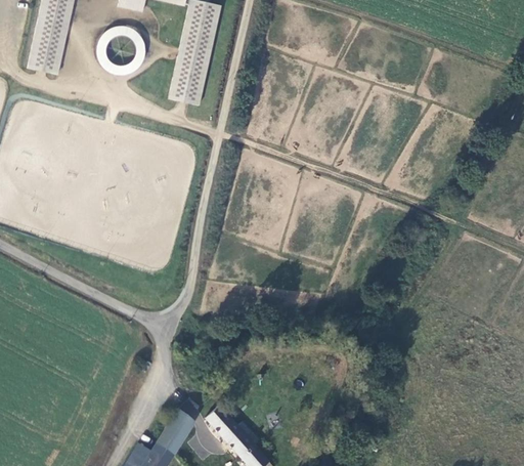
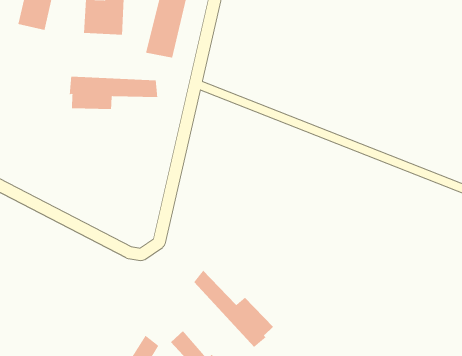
building: none -> [69,76,158,110]
building: none -> [193,270,274,348]

